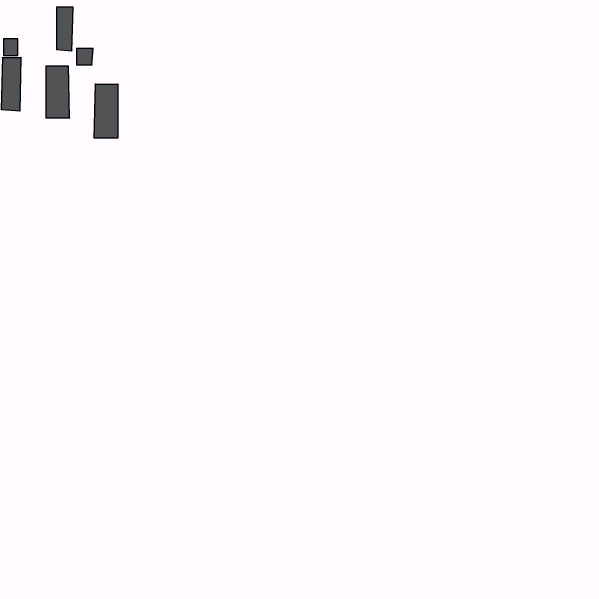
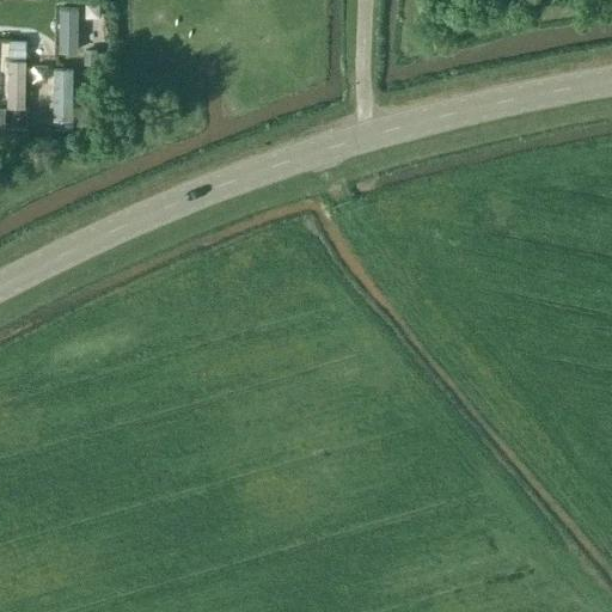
building: [94,84,118,138] -> none

